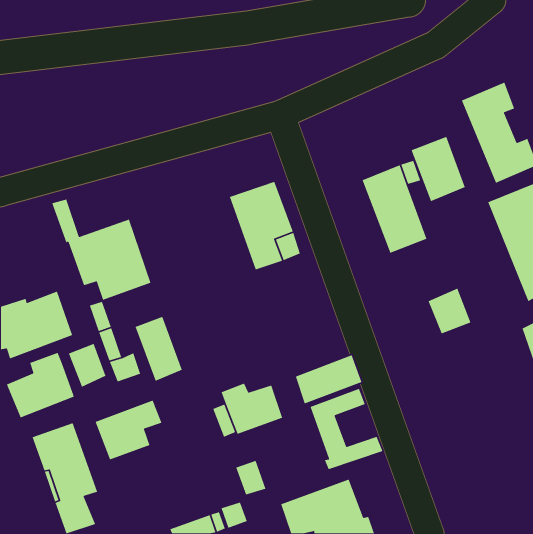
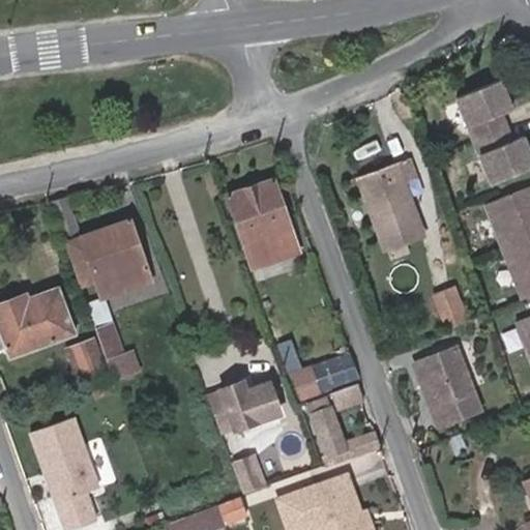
building: [411,136,466,202] -> none
building: [134,316,183,382] -> none
building: none -> [416,348,480,424]
building: [6,352,75,419] -> none
building: [94,399,163,460] -> none

